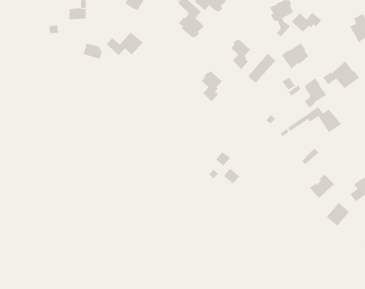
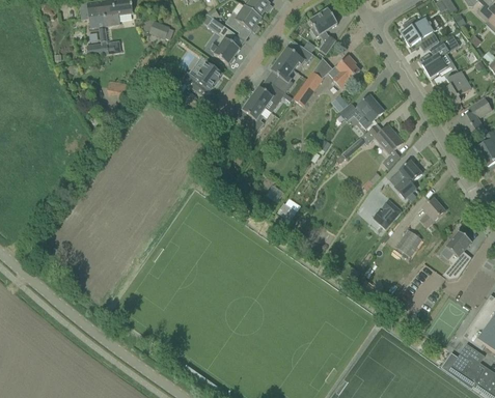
building: [291,12,322,32] -> [279,45,313,68]
building: [106,32,143,56] -> [181,62,222,90]
building: [323,60,360,89] -> none
building: none -> [251,83,293,107]
building: none -> [393,160,421,198]

